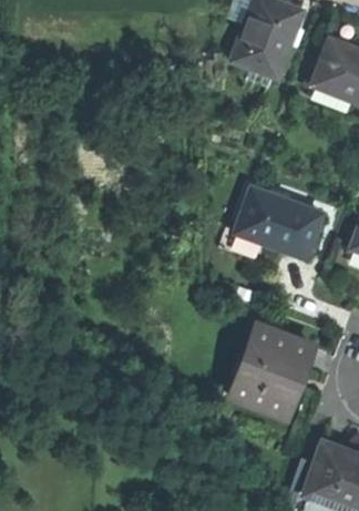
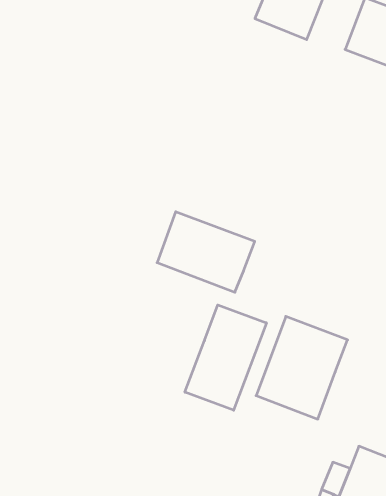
building: [236,187,324,259] -> [157,212,255,292]
building: none -> [185,305,266,410]

